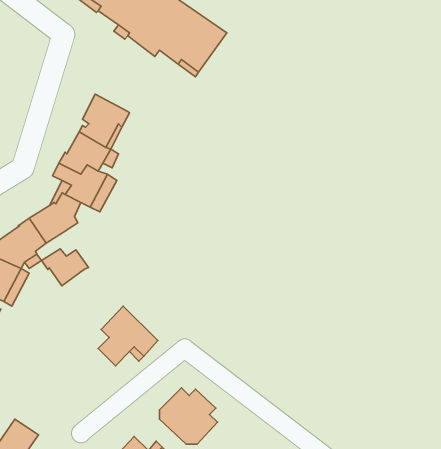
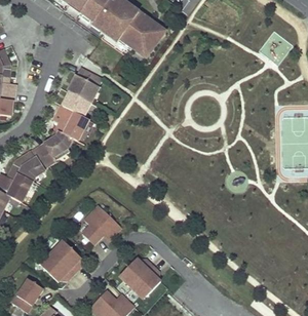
building: [42,249,88,286] -> none
building: none -> [42,244,80,282]

